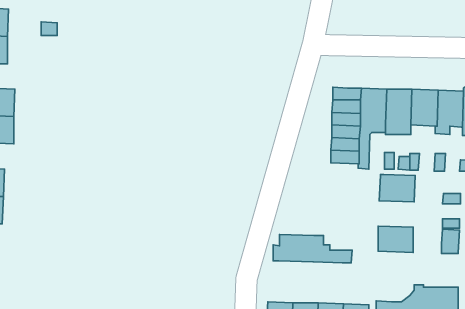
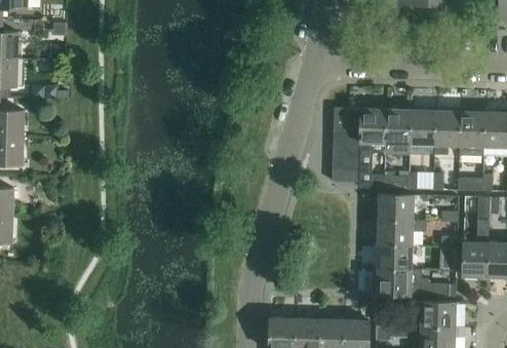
building: none -> [378,219,425,244]
building: [273,234,352,263] -> [372,268,449,296]

